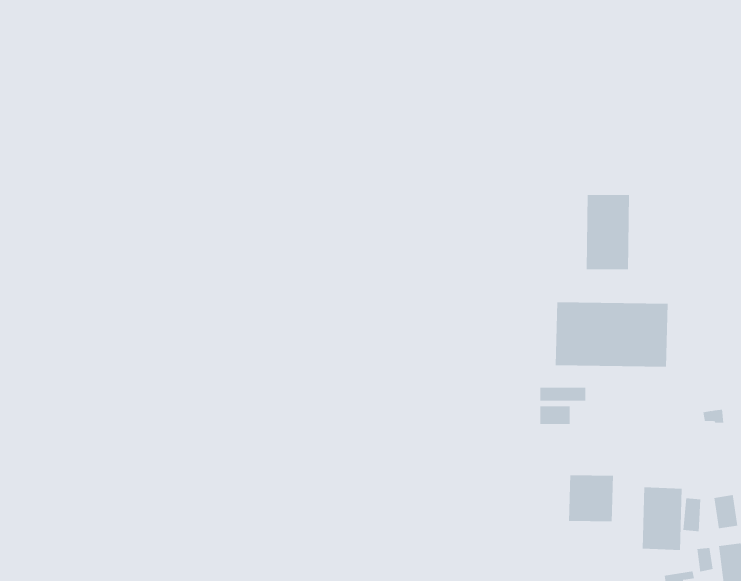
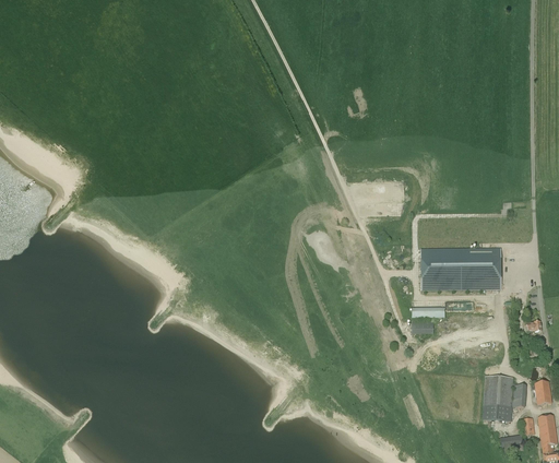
building: [586,194,630,270] -> none
building: [568,474,613,522] -> none

